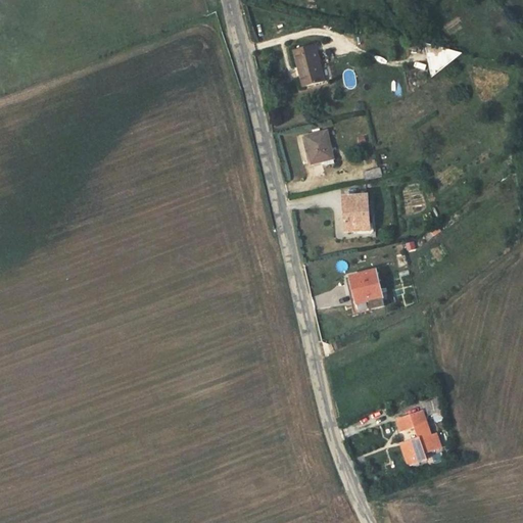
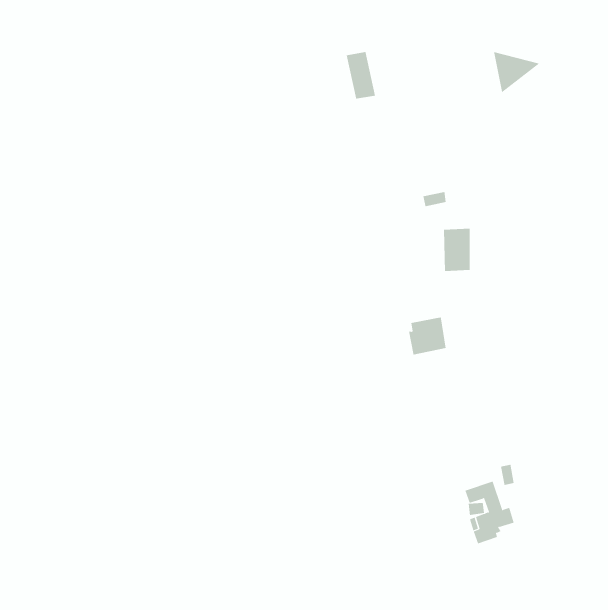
building: [302,130,334,164] -> none
building: [344,192,368,229] -> [443,228,471,271]

